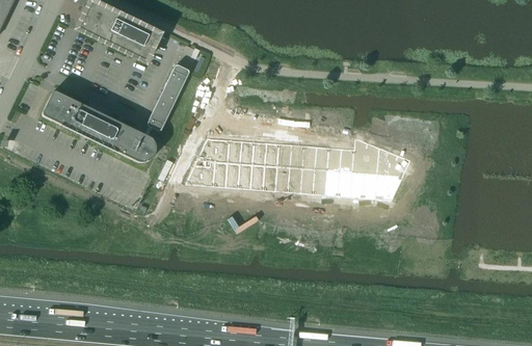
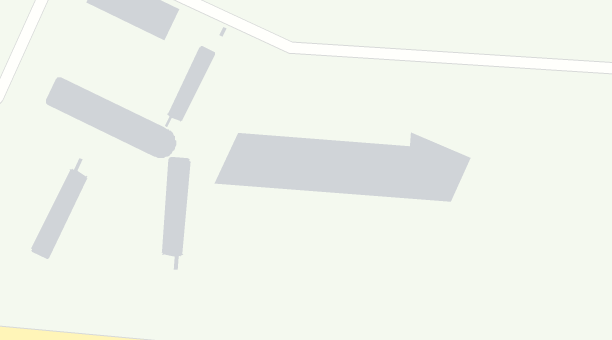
building: none -> [160,156,191,271]
building: none -> [30,157,89,260]

